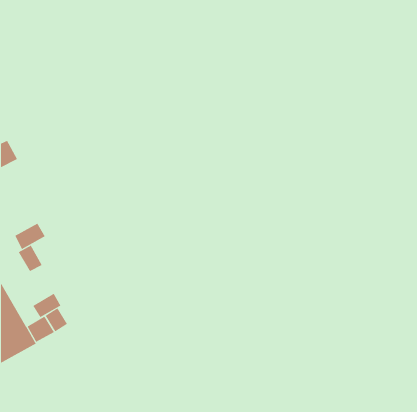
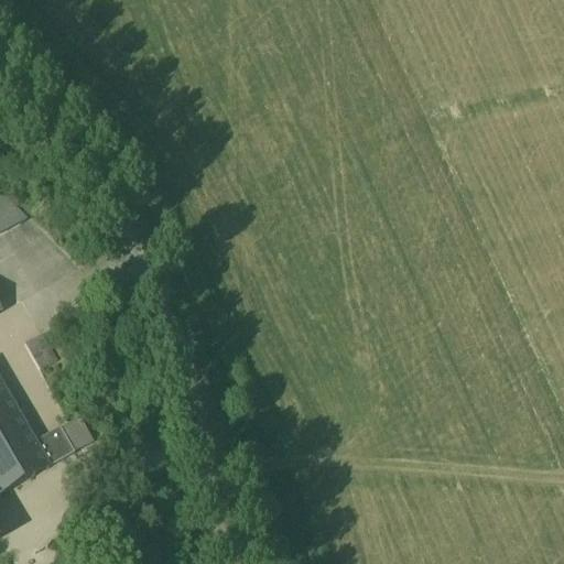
building: [14,223,46,250] -> none
building: [32,293,61,318] -> none

